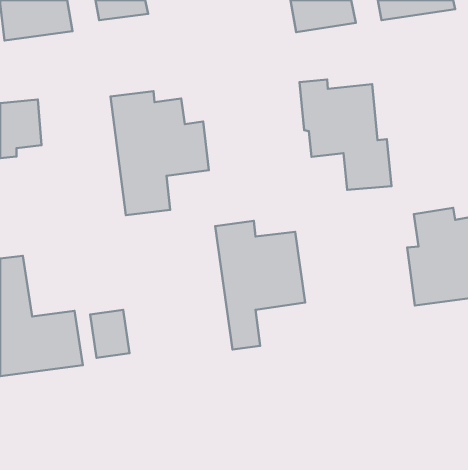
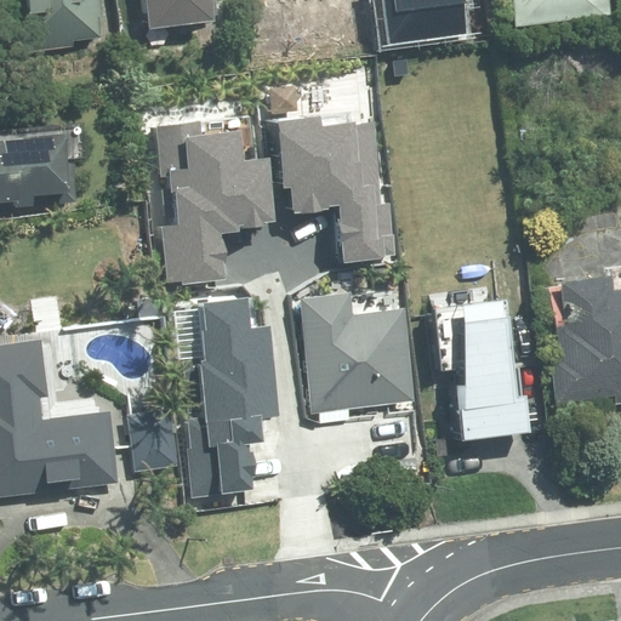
building: [299,80,391,190] -> [280,120,401,266]
building: none -> [437,294,536,439]
building: none -> [186,301,283,496]

